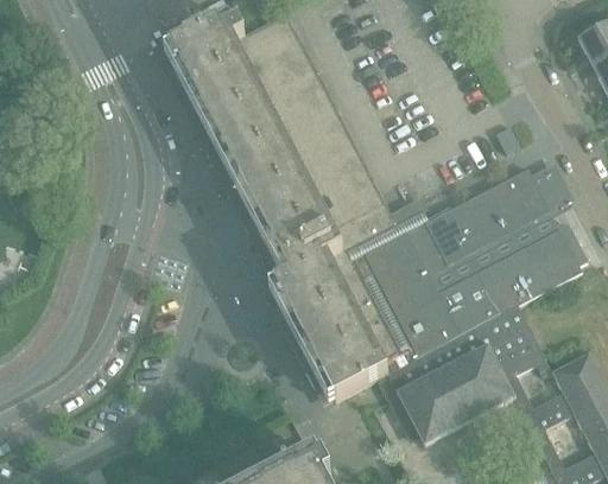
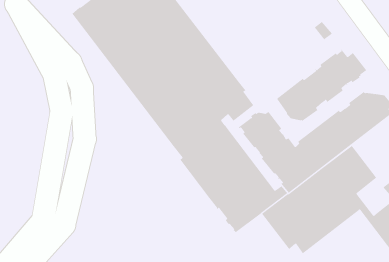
building: [397,209,563,292] -> none

